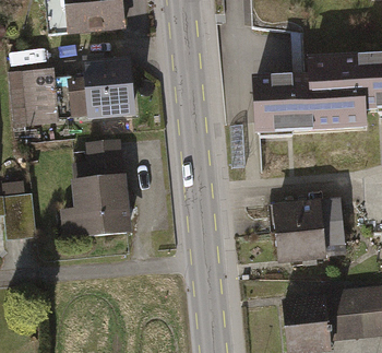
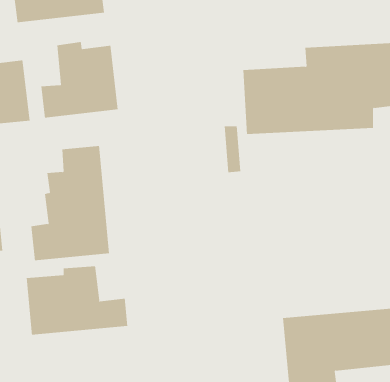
building: [267,197,344,262] -> none
building: none -> [26,266,128,335]

